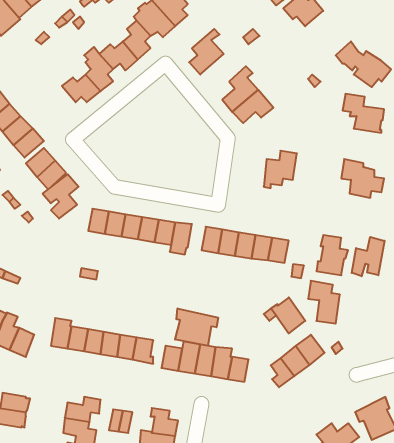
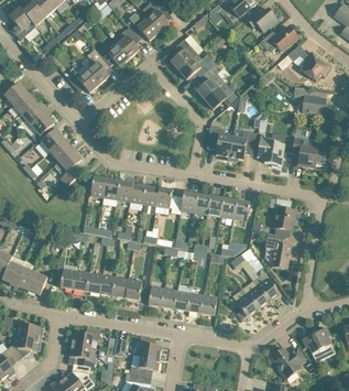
building: none -> [257,26,297,52]
building: none -> [178,54,215,79]
building: none -> [206,126,231,160]
building: none -> [257,137,284,165]
building: [352,237,385,276] -> none
building: [175,308,218,346] -> none

